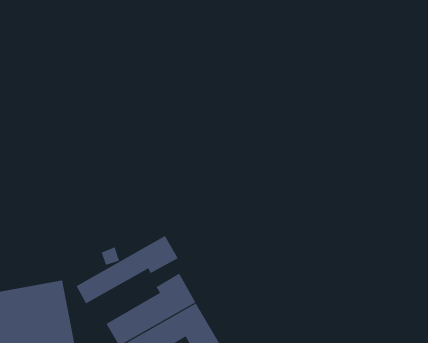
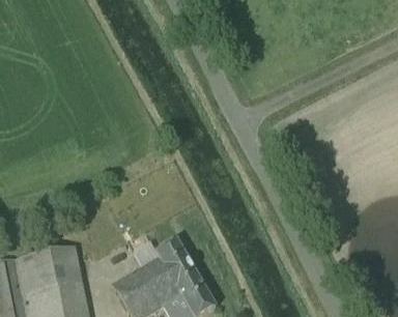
building: [76,235,179,304] -> none

